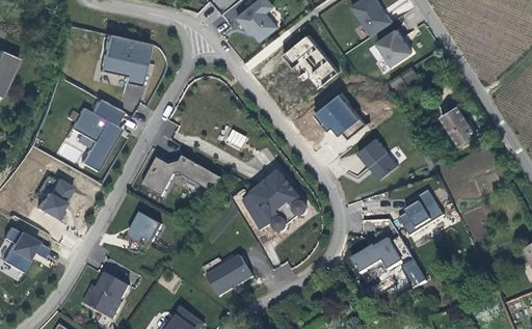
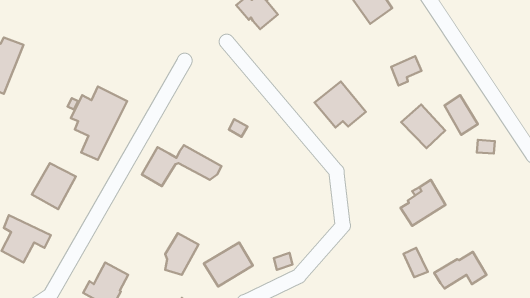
building: [375,28,409,64] -> none
building: [100,34,151,97] -> none
building: [281,34,337,88] -> none
building: [354,136,398,180] -> [401,104,445,148]
building: [243,171,307,231] -> none
building: [128,213,161,254] -> [165,233,199,275]
building: [350,238,402,274] -> [434,252,486,288]

